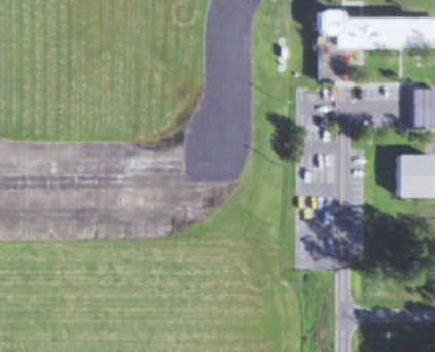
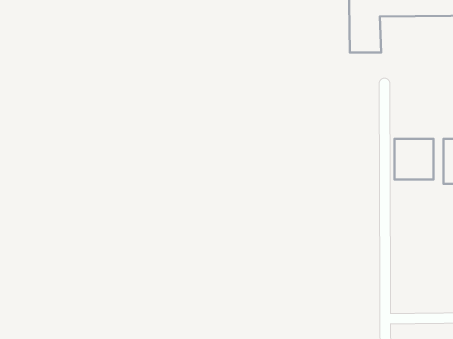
building: none -> [395,139,433,180]

